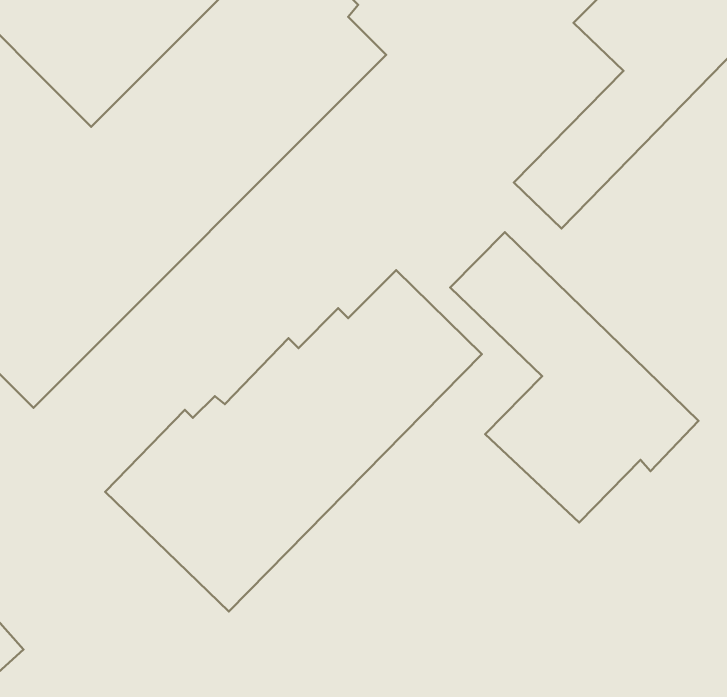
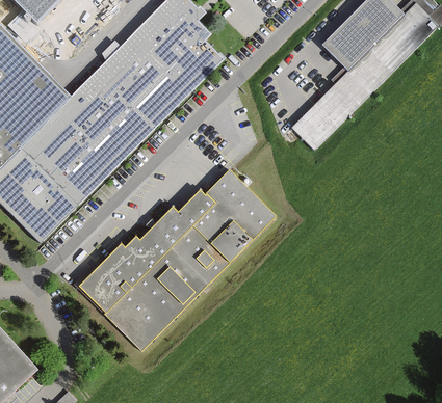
building: [450,232,699,523] -> none

